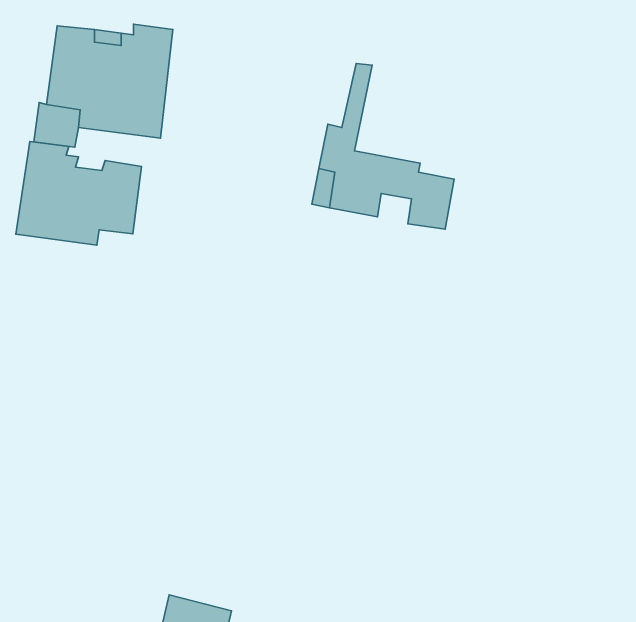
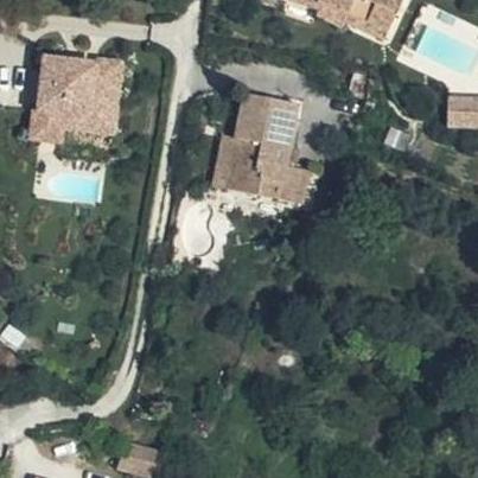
building: none -> [242,90,297,155]
building: [16,141,142,245] -> none

